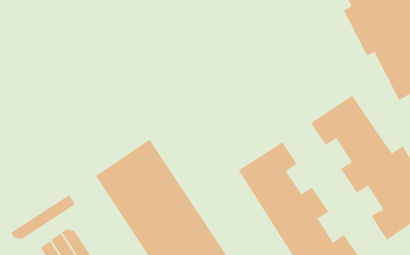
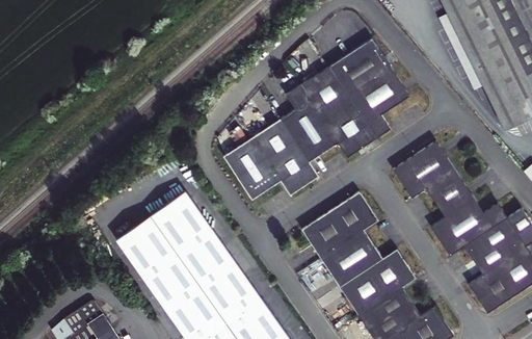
building: none -> [225,36,411,197]
building: [10,194,76,239] -> none

